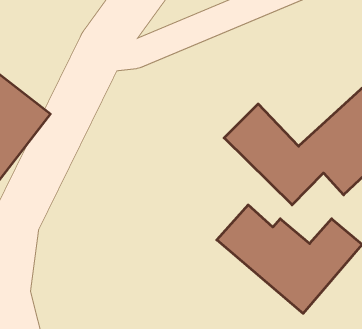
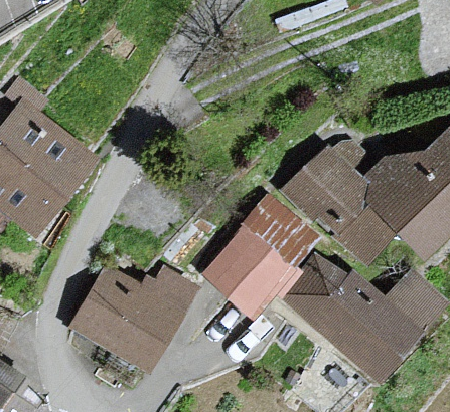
building: none -> [203,198,311,310]
building: none -> [76,267,192,364]

